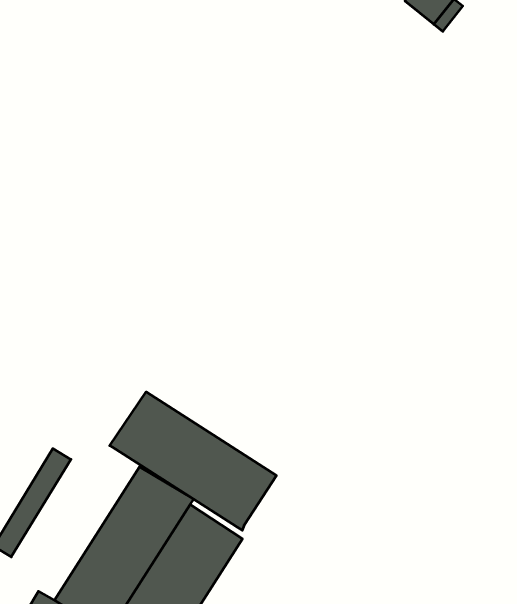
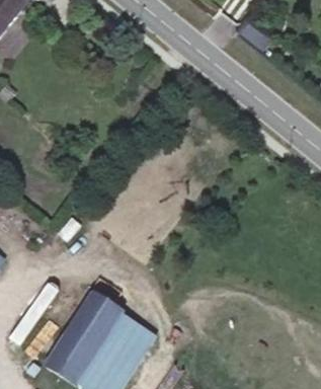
building: [110,392,276,530] -> none

